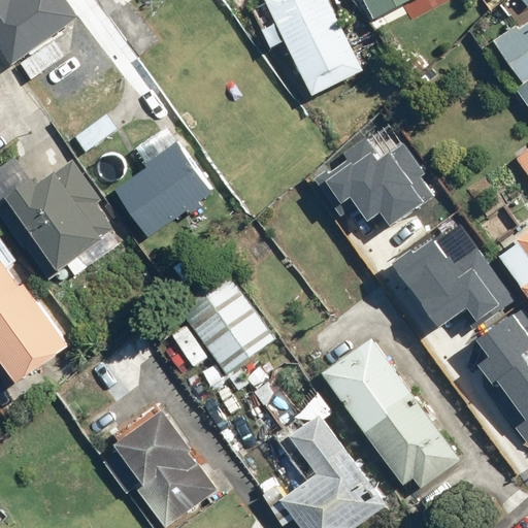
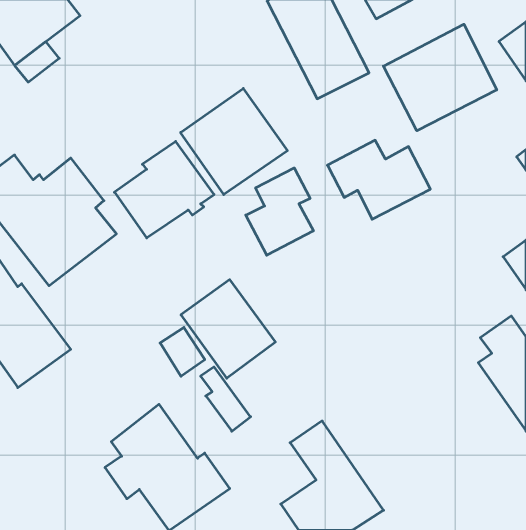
building: none -> [383,24,497,131]
building: none -> [181,88,287,195]
building: none -> [246,168,313,255]
building: [387,229,503,324] -> none
building: [322,339,460,490] -> none

